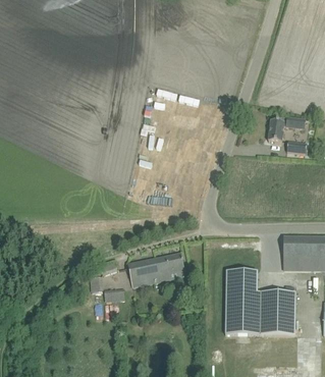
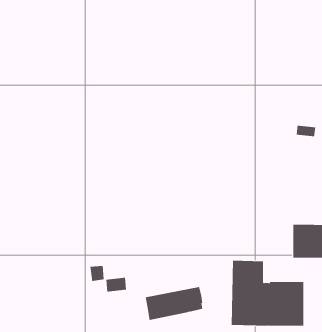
building: [269,117,306,142] -> none
building: [128,254,184,286] -> [145,287,203,321]

